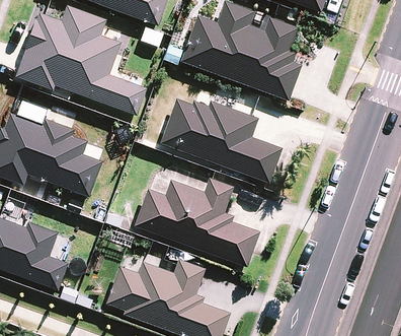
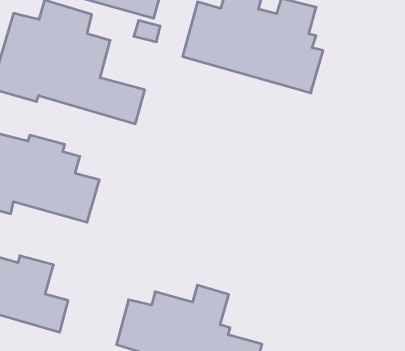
building: [160,99,282,183] -> none
building: [134,177,258,266] -> none

